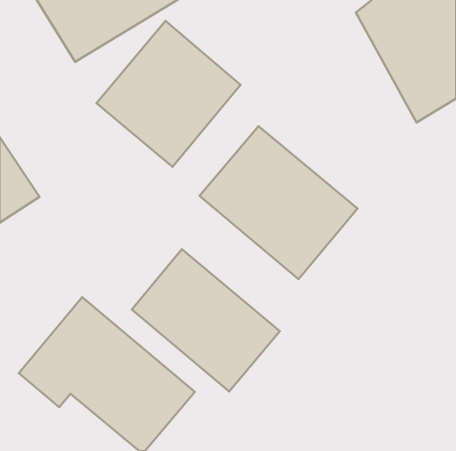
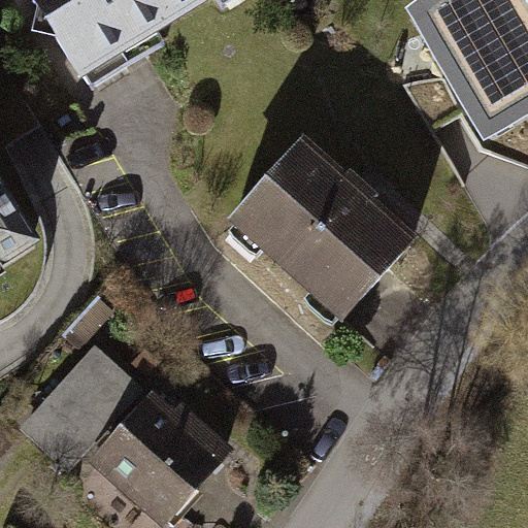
building: [96,21,241,167] -> none
building: [132,249,280,392] -> none

